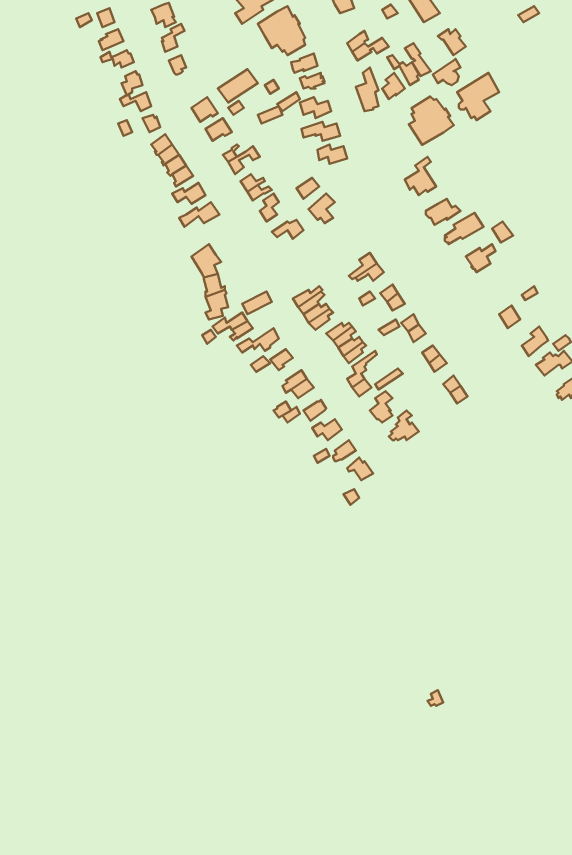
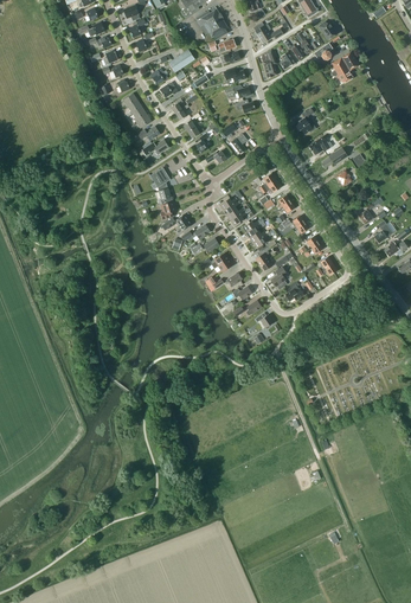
building: [409,97,454,145] -> none

